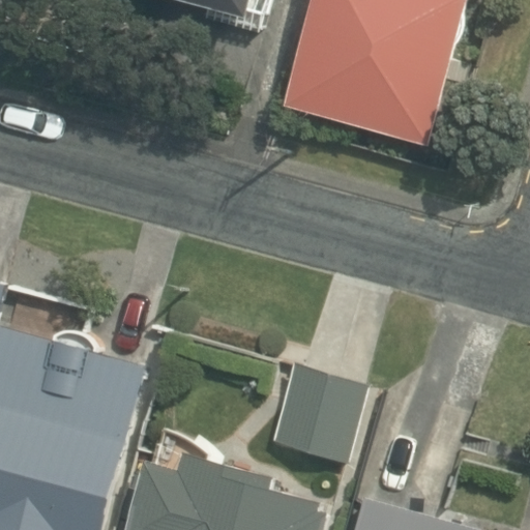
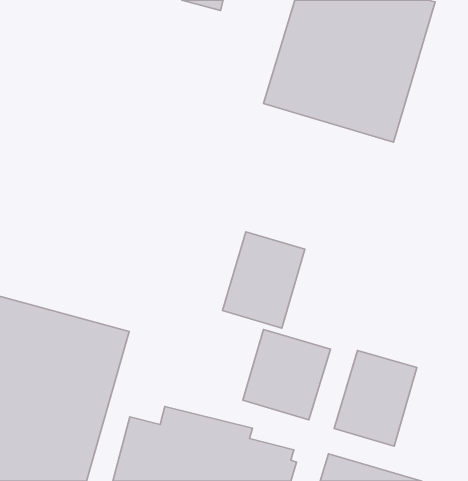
building: none -> [222,232,305,328]
building: none -> [334,350,417,446]

